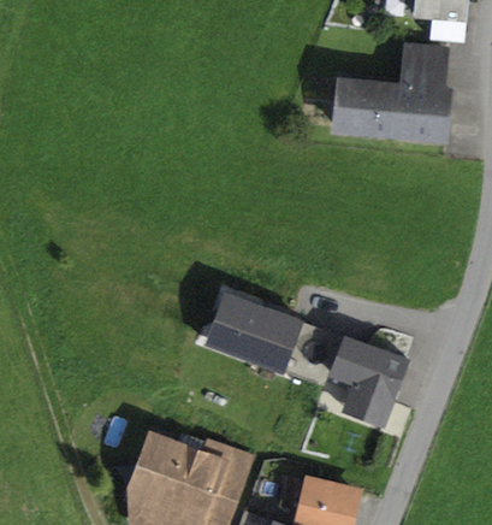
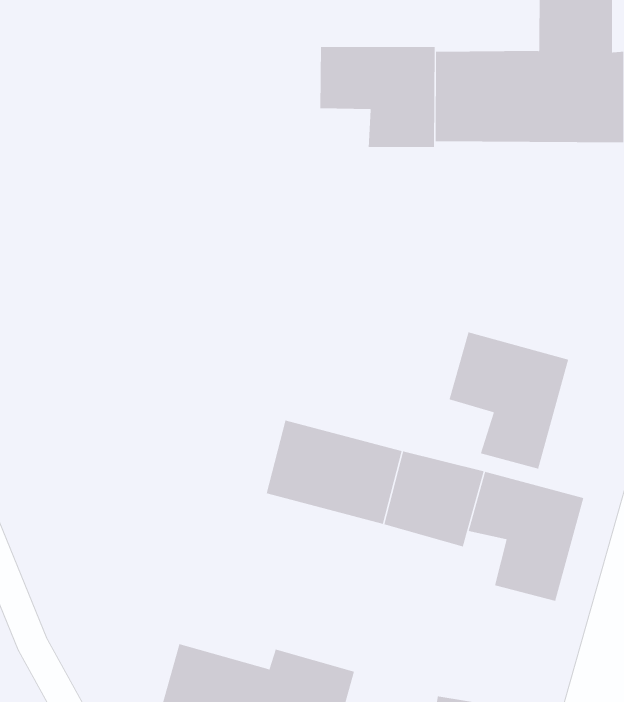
building: none -> [320,46,435,148]
building: none -> [449,332,569,470]

